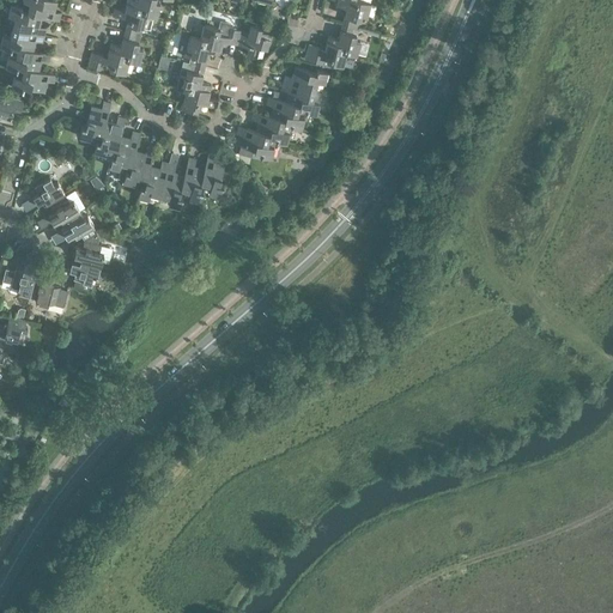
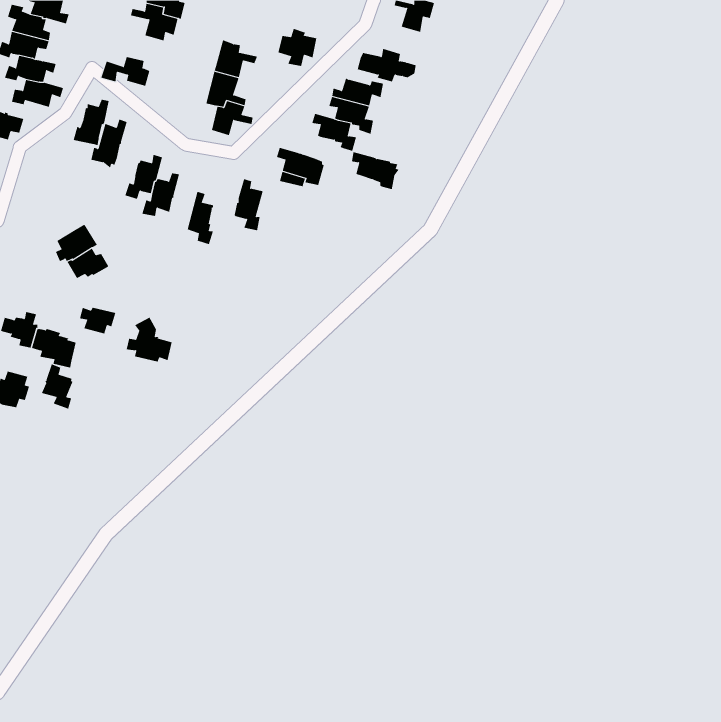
building: [323,24,357,56] -> none
building: [198,25,238,49] -> none
building: [107,31,140,63] -> none
building: [249,111,290,144] -> [351,151,399,190]
building: [91,117,122,157] -> [73,99,110,146]
building: [177,158,201,202] -> none
building: [135,162,166,200] -> none
building: [30,177,62,205] -> none
building: [71,227,110,266] -> [126,317,172,362]
building: none -> [41,363,73,409]

